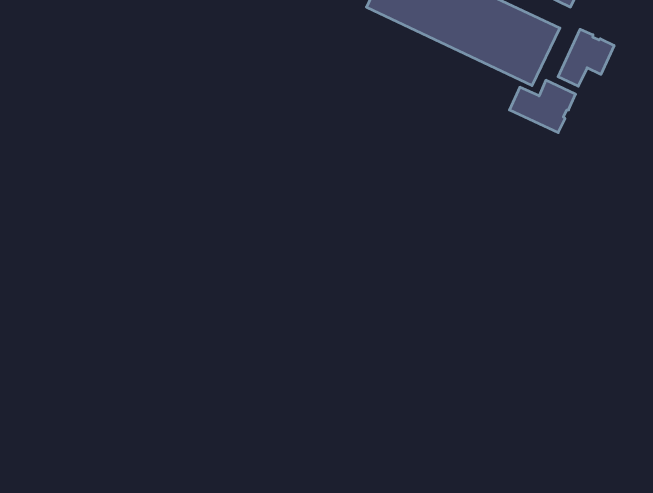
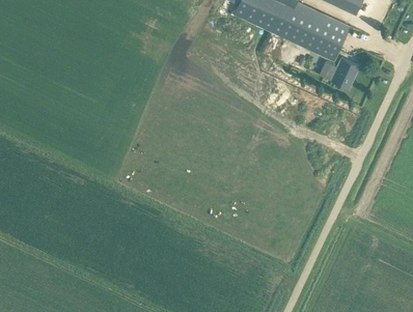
building: [558,29,614,86] -> none

